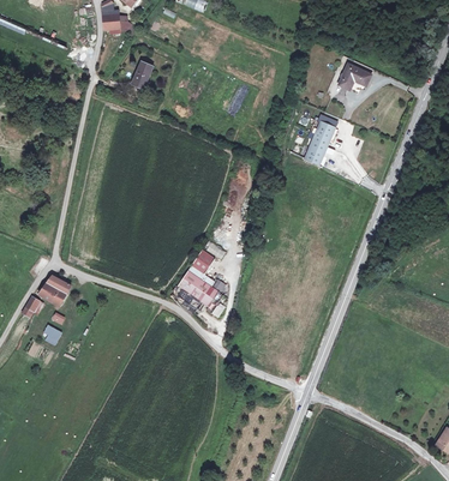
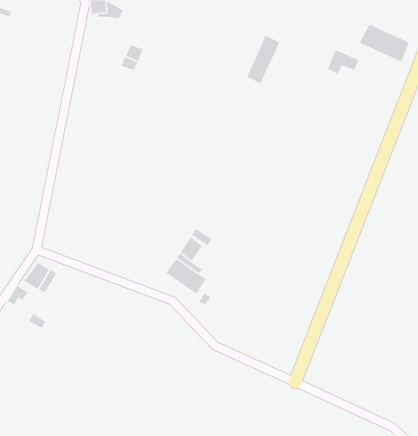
building: none -> [359,23,410,62]
building: [304,115,337,164] -> [246,34,280,84]

